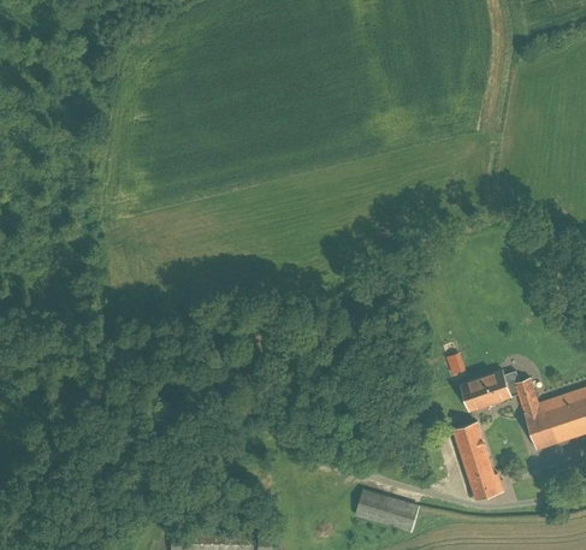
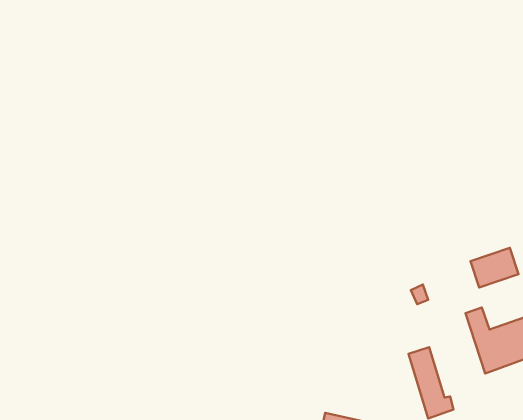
building: [455,372,508,415] -> [470,248,519,287]

